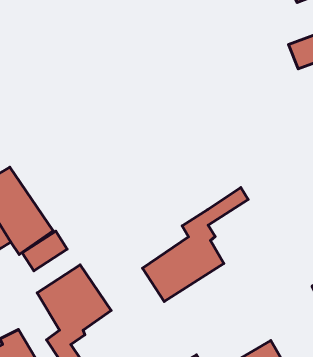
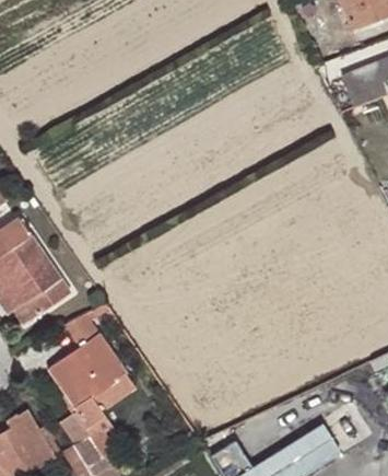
building: [142,188,248,301] -> none
building: [22,231,67,271] -> none

